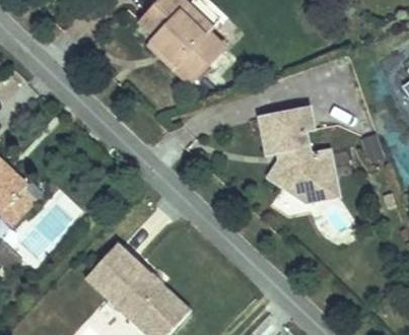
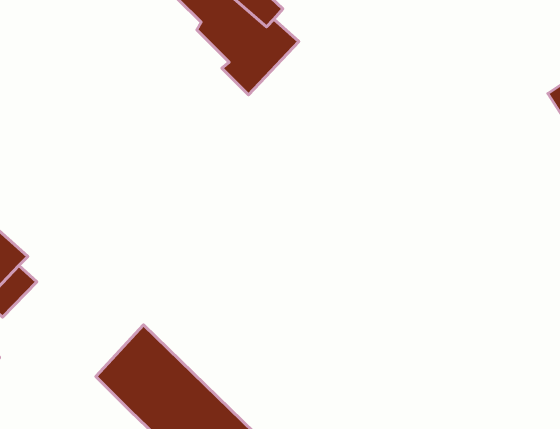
building: [271,115,347,206] -> none

